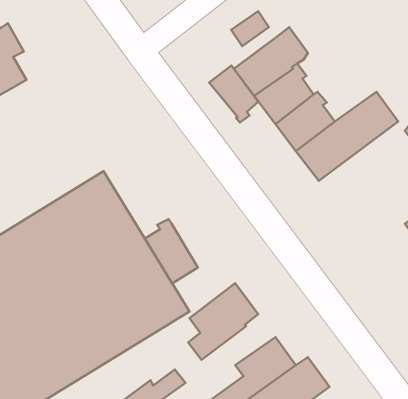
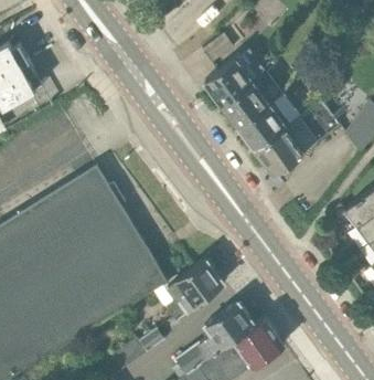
building: [209,66,258,123] -> none
building: [145,219,198,283] -> none

